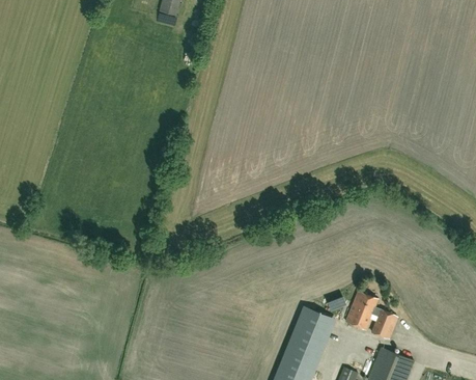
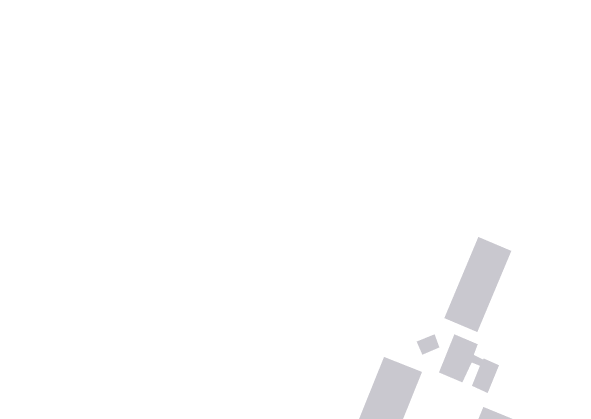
building: none -> [443,236,512,333]

